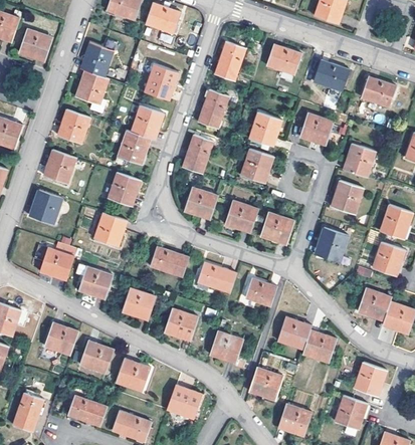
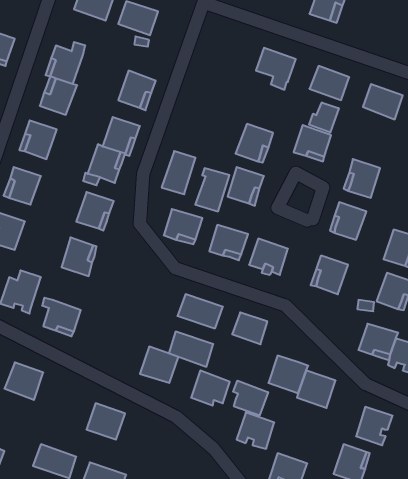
building: [215,42,245,81] -> none
building: [198,90,228,129] -> [195,168,229,211]
building: none -> [309,102,339,133]
building: [150,246,189,277] -> [169,332,213,367]
building: [122,287,156,316] -> none
building: none -> [233,381,268,416]
building: [79,342,115,375] -> none
building: [168,385,203,418] -> none

